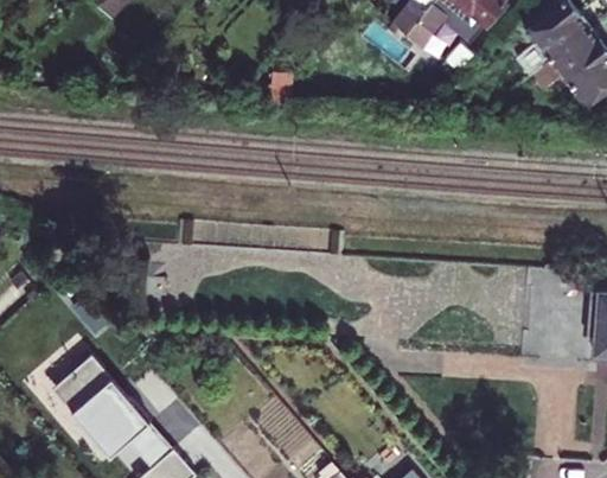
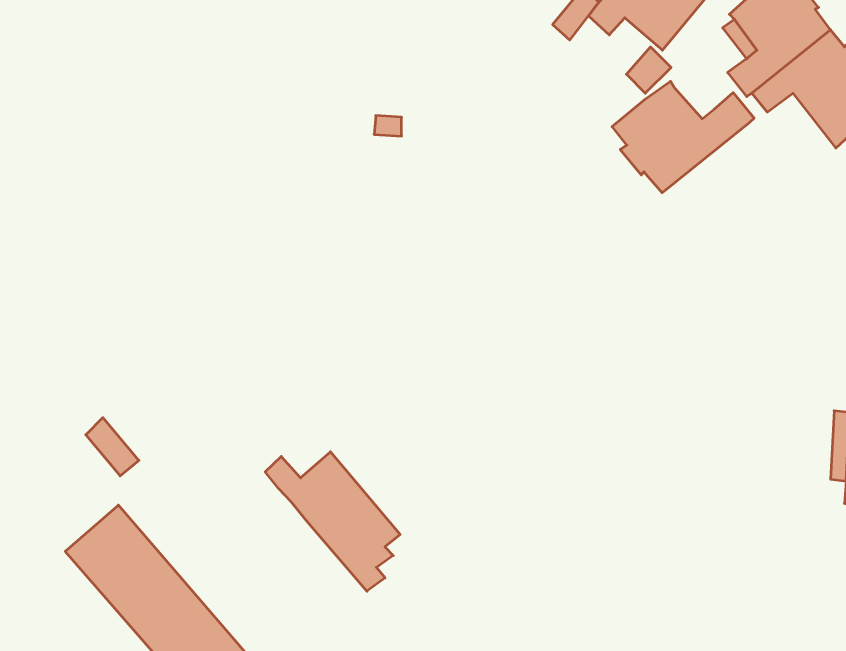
building: none -> [612,81,754,193]
building: none -> [265,452,400,591]

